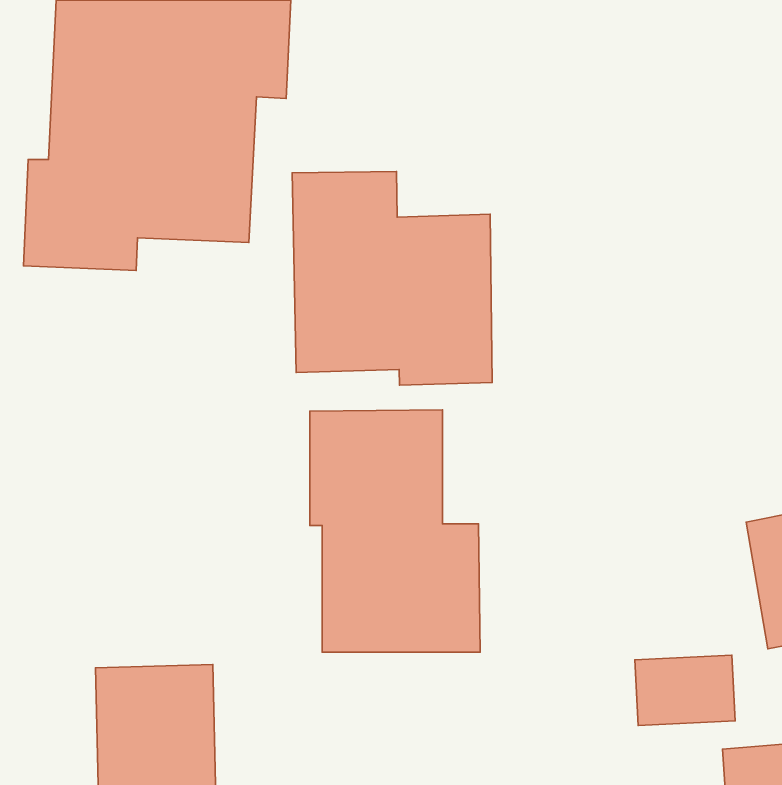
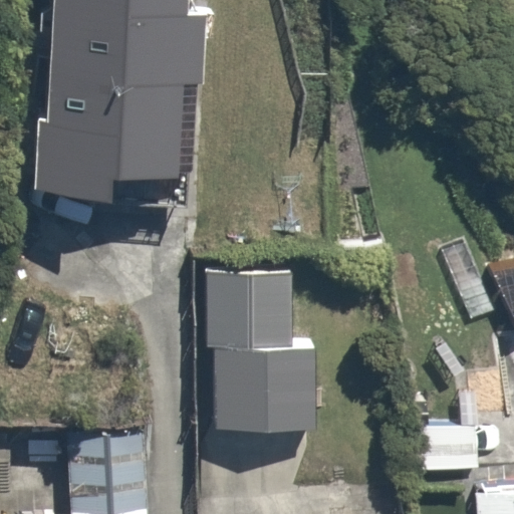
building: [292,172,492,385] -> none

